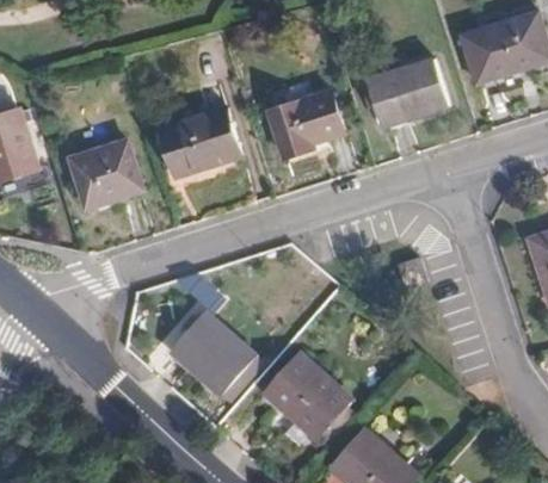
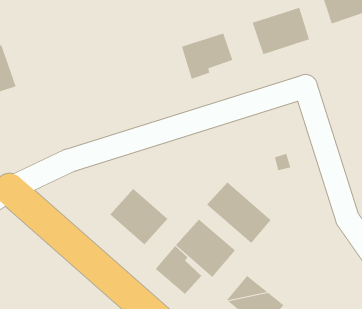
building: [160,109,241,178] -> none
building: [72,144,142,209] -> none
building: none -> [206,181,272,244]
building: none -> [155,245,202,295]

